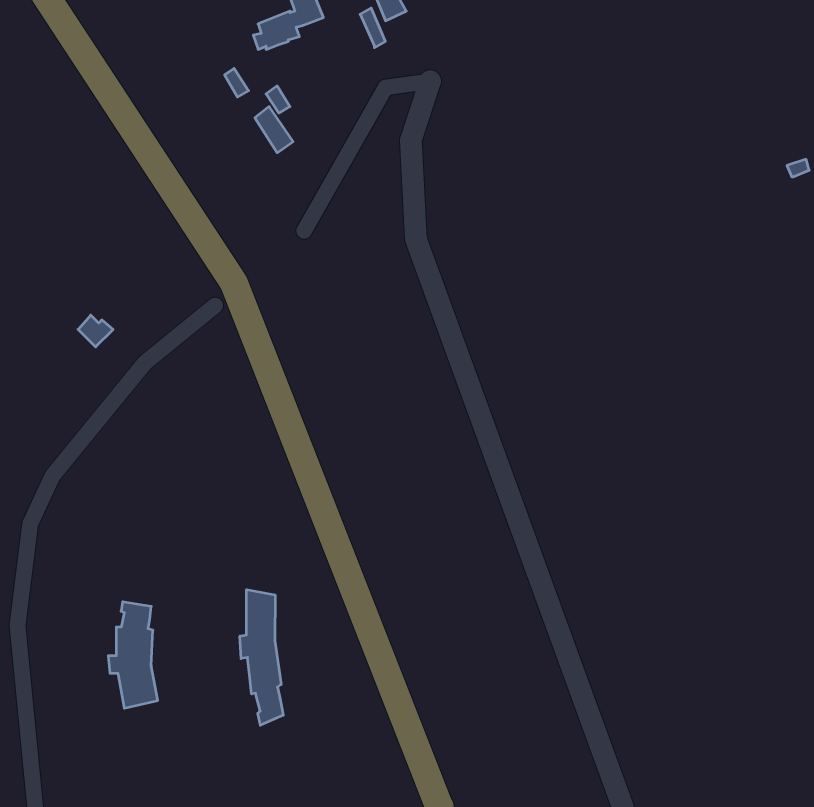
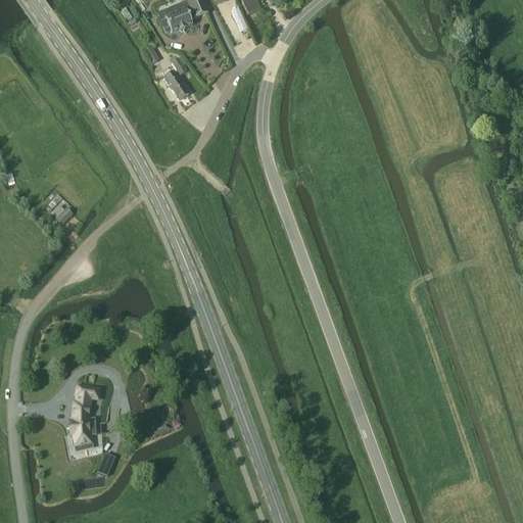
building: [240,590,283,725] -> none

